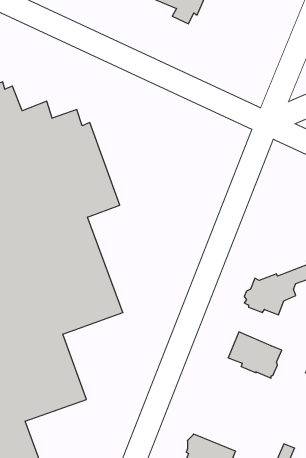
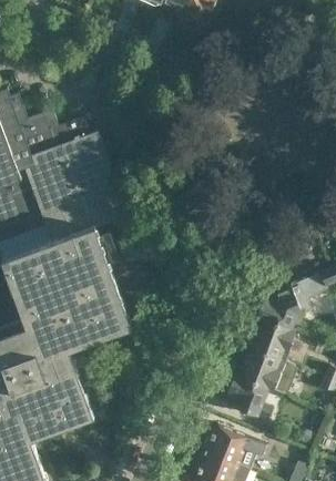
building: none -> [251,323,296,362]
building: none -> [224,375,271,420]
building: none -> [204,426,266,471]

